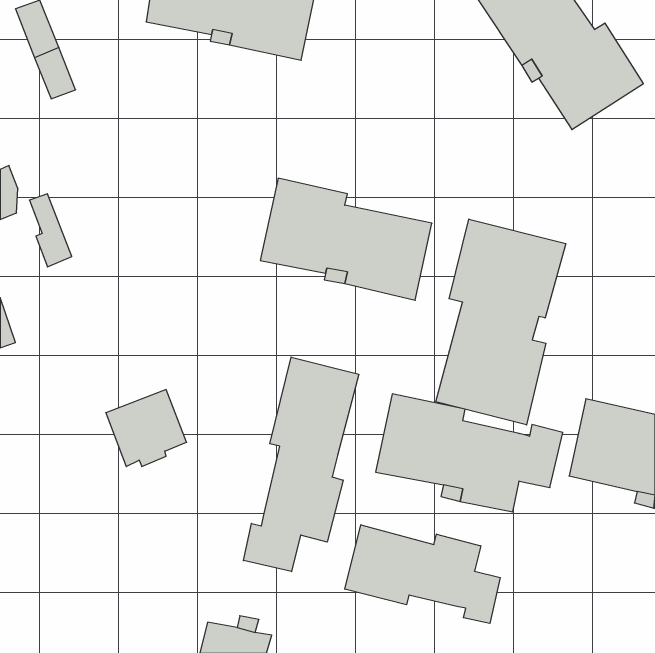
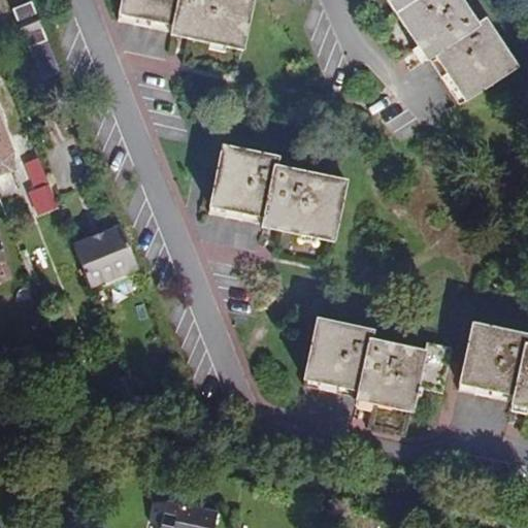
building: [436,219,566,425] -> none
building: [243,357,359,572] -> none
building: [106,390,187,467] -> [73,225,138,287]
building: [345,525,500,623] -> none

